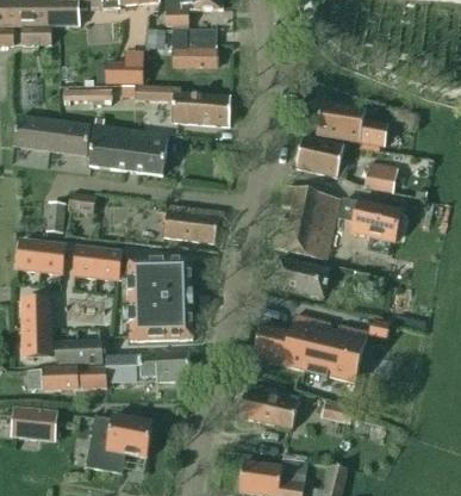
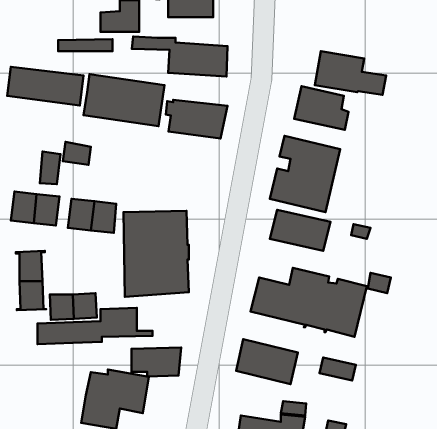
building: [363,161,398,192] -> none
building: [338,197,401,253] -> none
building: [161,204,222,242] -> [166,100,228,139]
building: [141,352,189,380] -> [131,348,181,377]
building: [11,405,57,440] -> none

